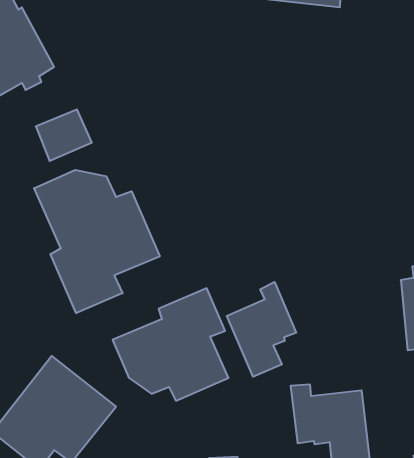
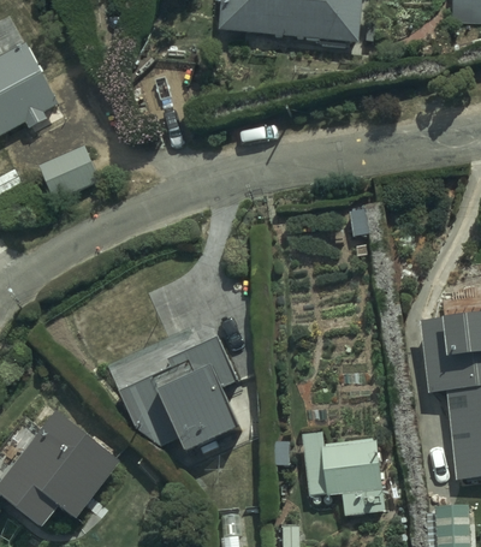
building: [34,170,160,313] -> none
building: [227,282,296,377] -> none

